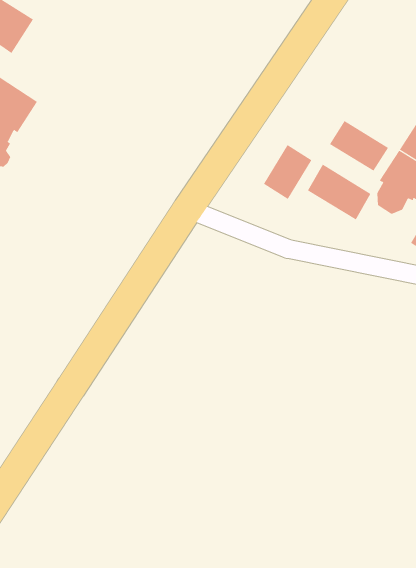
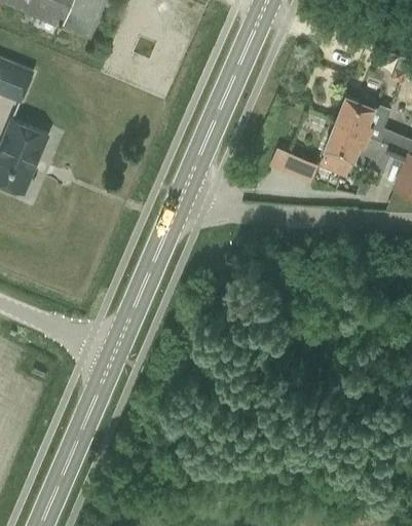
building: [329,120,389,171] -> none
building: [263,144,312,200] -> none

